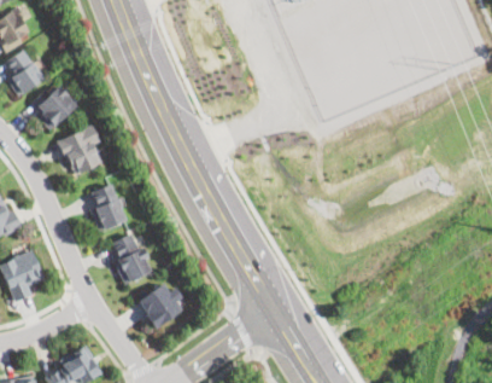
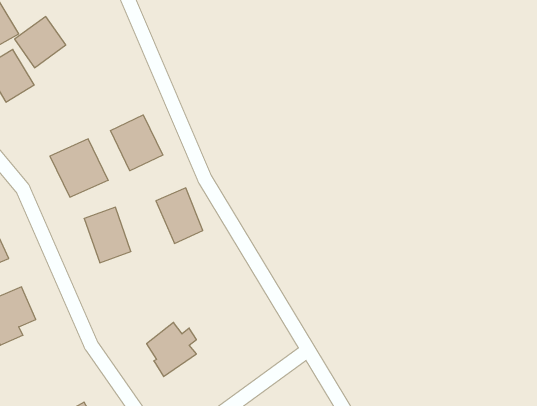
building: [33,85,76,128] -> [15,17,66,68]
building: none -> [110,115,163,171]
building: [110,234,150,282] -> [156,188,203,243]

